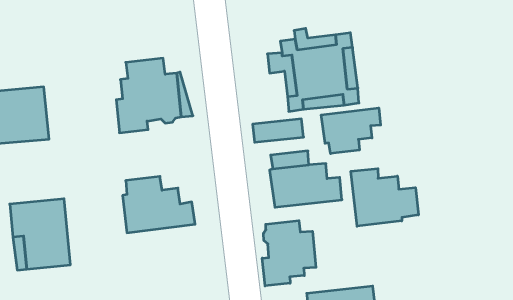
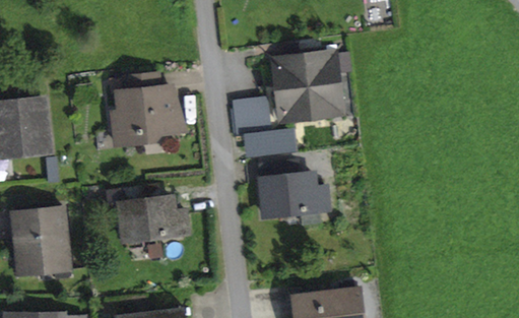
building: none -> [234,101,269,137]
building: [321,108,381,154] -> none
building: [351,169,418,226] -> none
building: [262,221,316,286] -> none

